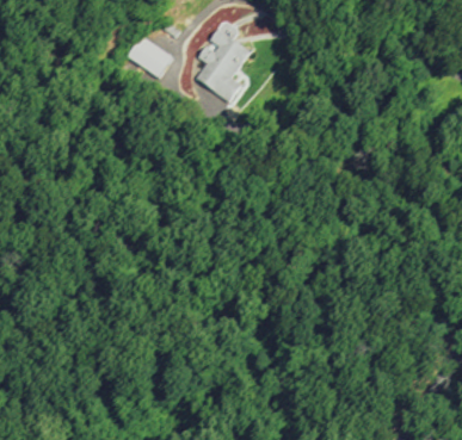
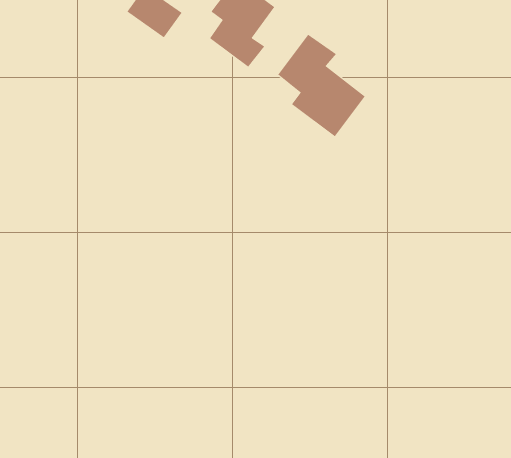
building: none -> [278,34,366,137]

